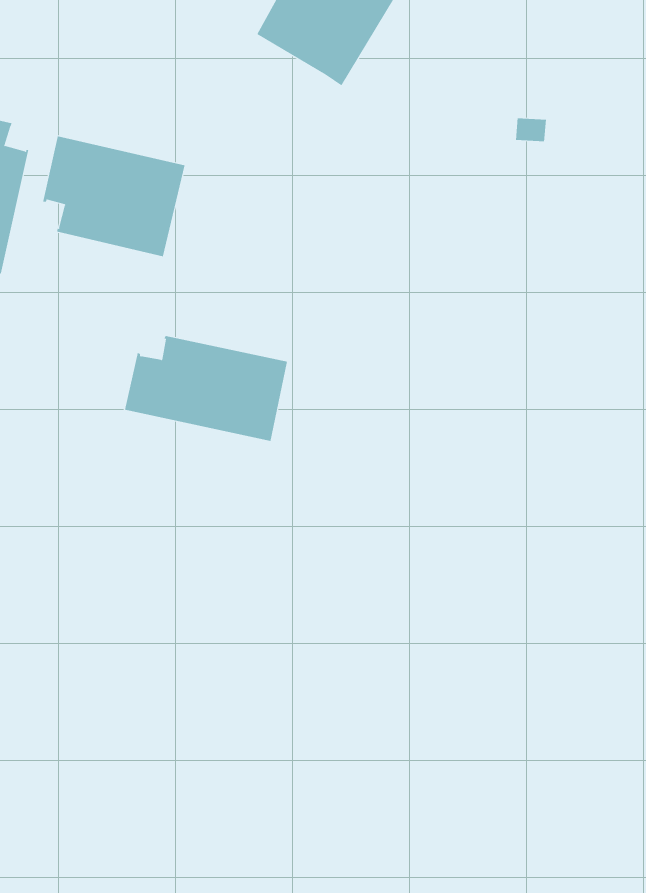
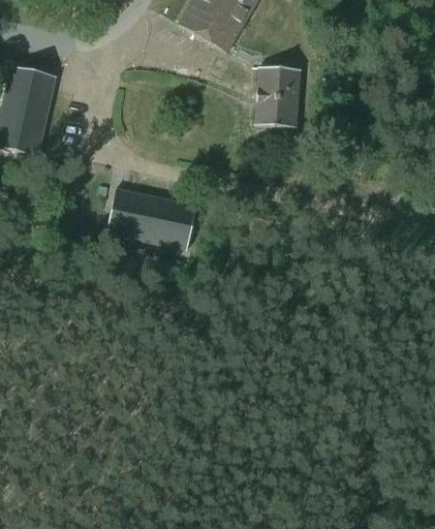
building: none -> [254,64,300,126]
building: [43,135,185,257] -> none

